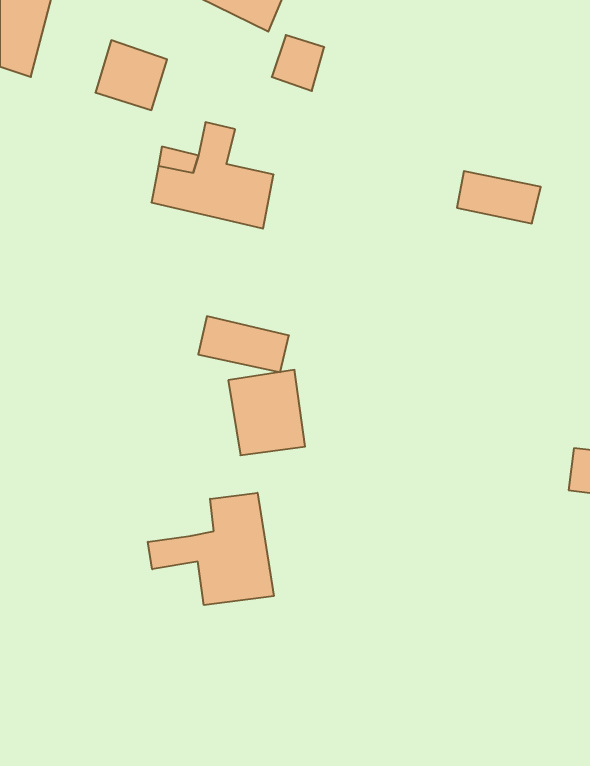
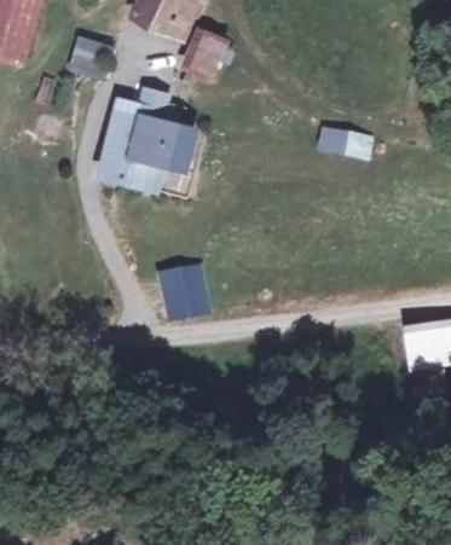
building: [198,316,289,372] -> [99,146,162,185]
building: [148,493,274,605] -> none

